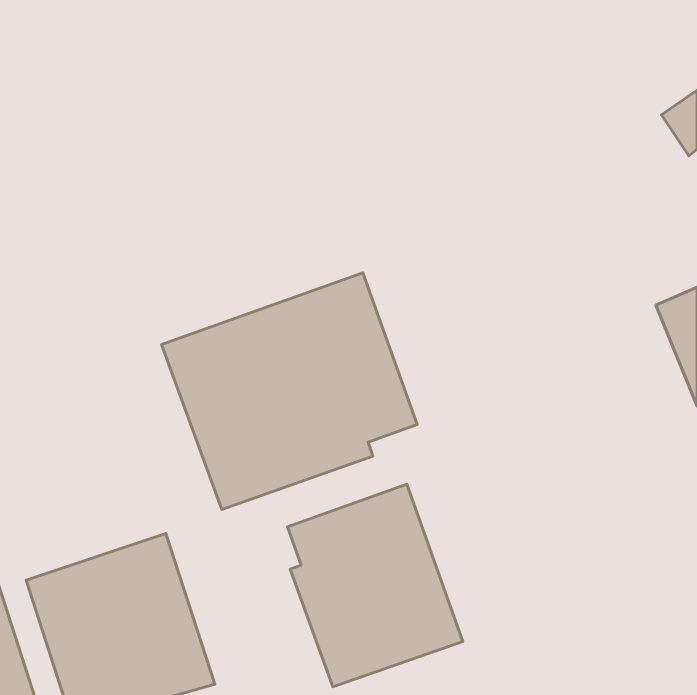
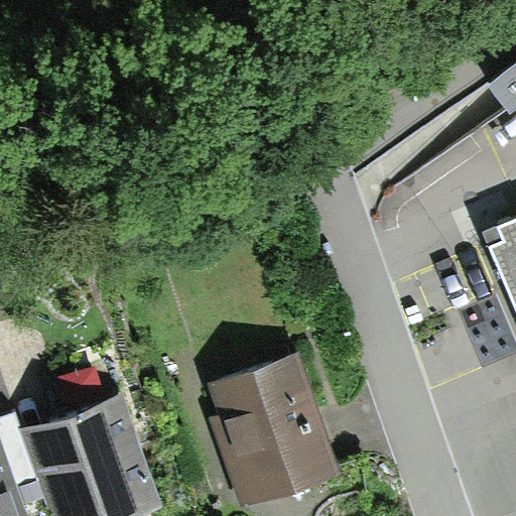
building: [161,273,417,509] -> none

